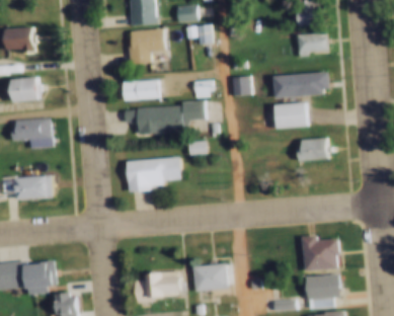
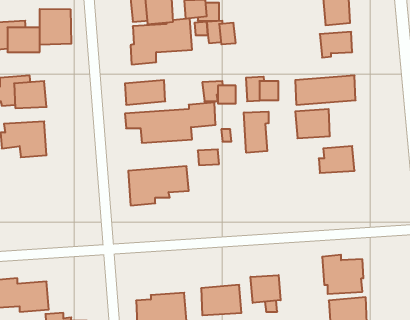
building: none -> [40,9,71,45]
building: none -> [244,112,269,153]
building: [14,173,52,199] -> none
building: none -> [251,275,281,303]

